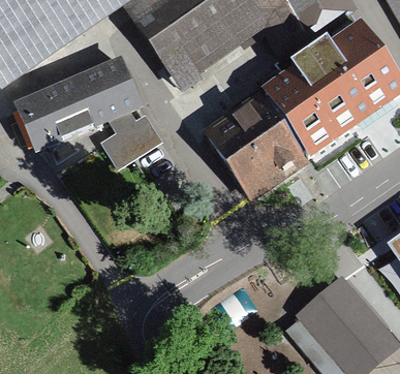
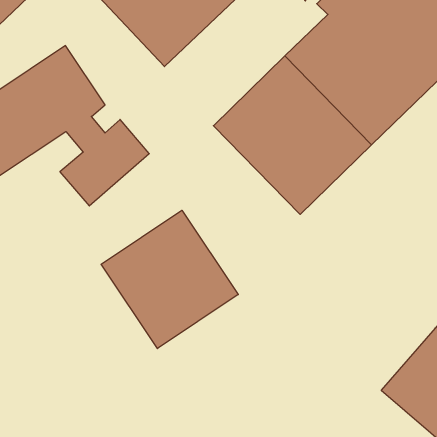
building: none -> [101,210,238,349]

